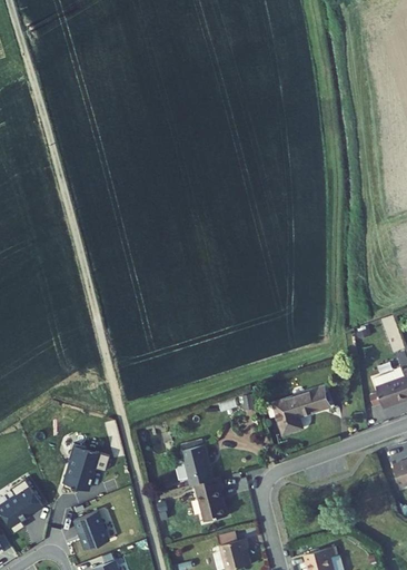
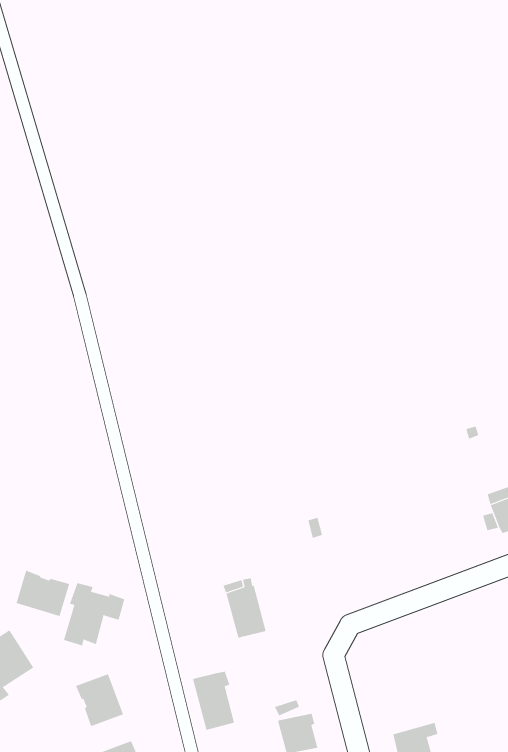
building: [274,386,330,433] -> none
building: none -> [16,570,70,617]
building: [195,478,226,521] -> [192,671,235,730]

